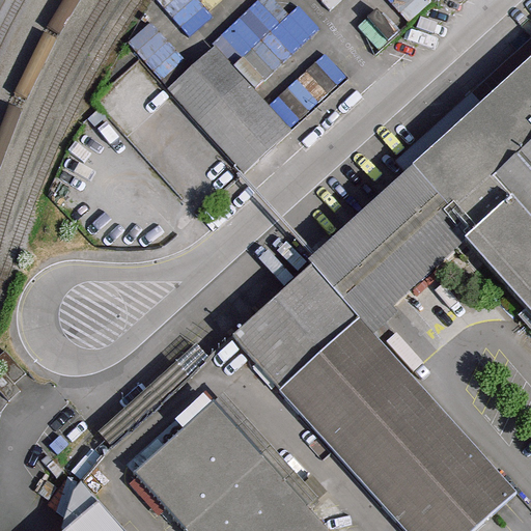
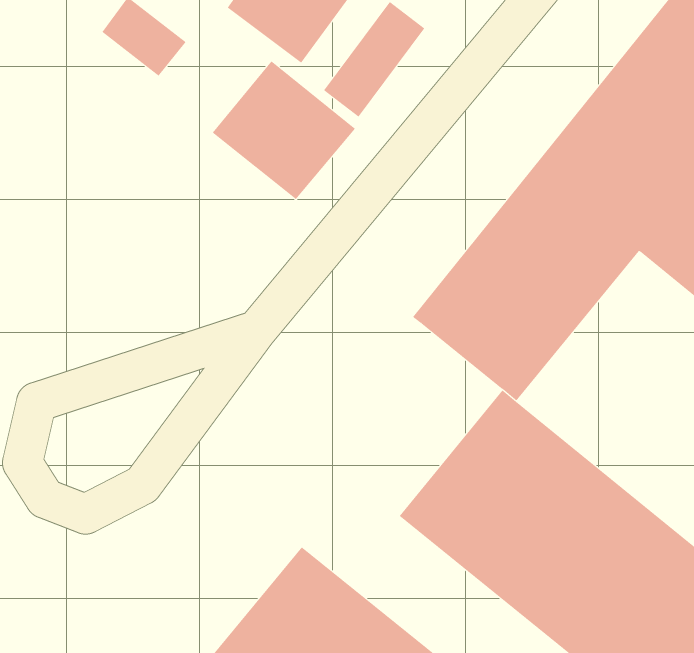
building: [167,46,242,118] -> none
building: [232,266,360,390] -> none

